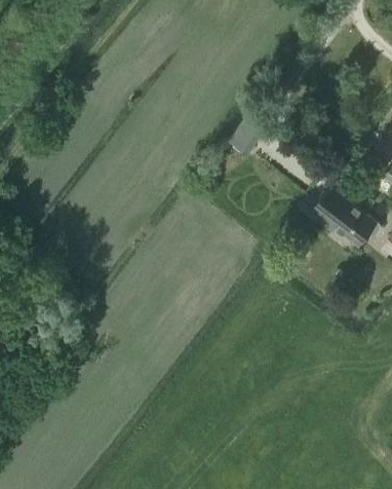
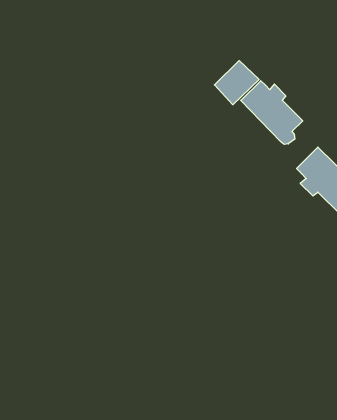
building: none -> [241,81,303,144]

